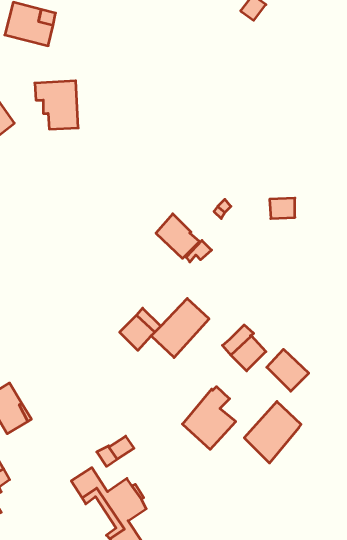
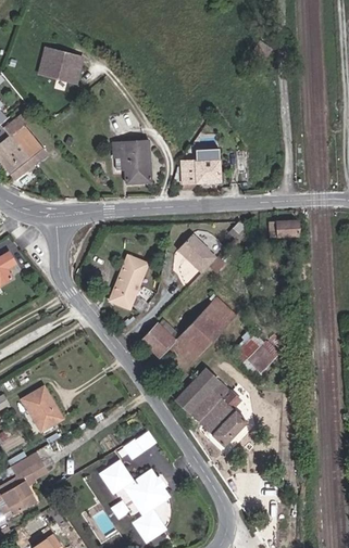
building: [35,81,78,129] -> [112,139,151,182]
building: none -> [179,148,221,182]
building: none -> [109,257,147,310]
building: none -> [202,297,234,329]
building: [267,349,309,391] -> none
building: [244,401,301,463] -> [175,368,226,423]

